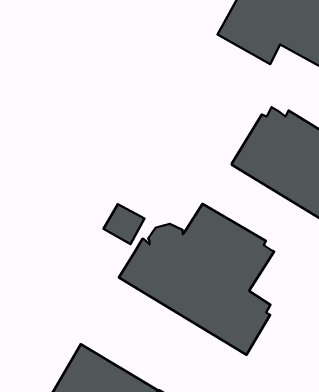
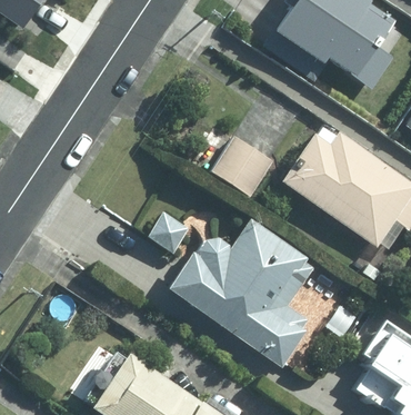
building: none -> [213,135,275,196]

